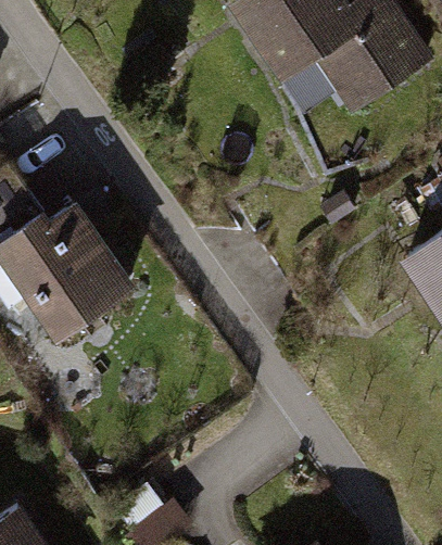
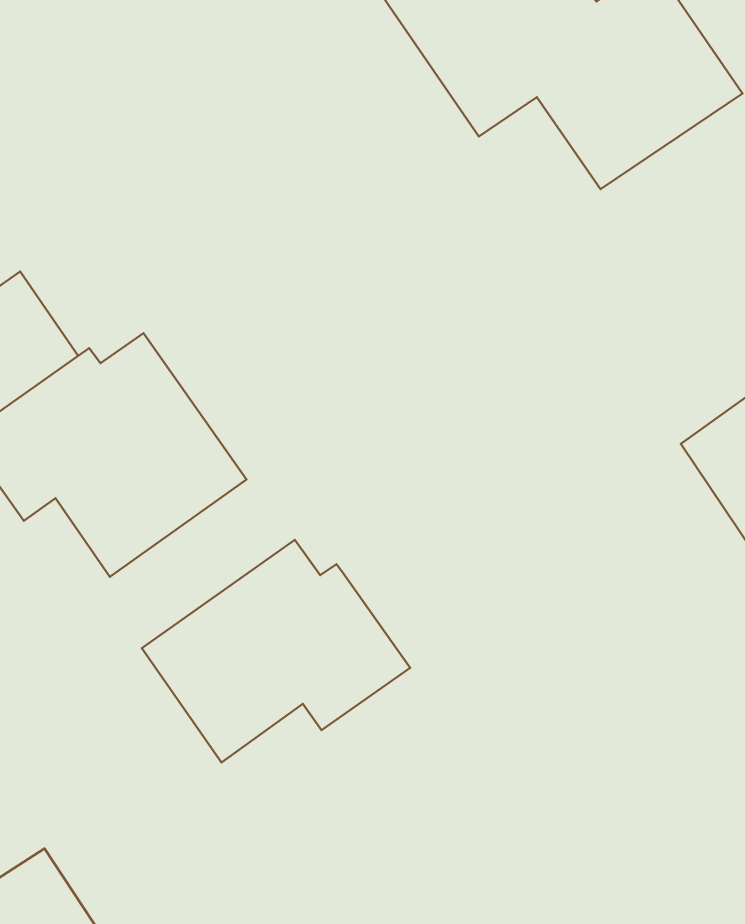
building: none -> [142,540,410,762]

